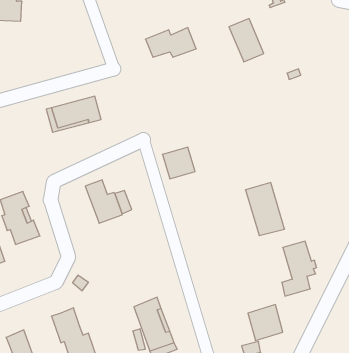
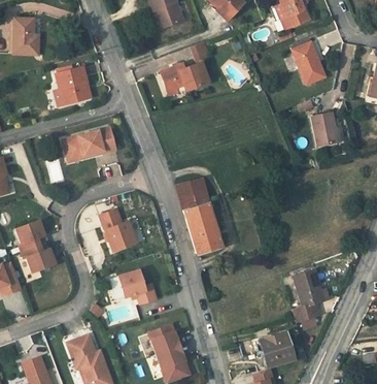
building: [229,19,264,62] -> [292,42,325,85]
building: none -> [56,67,91,106]
building: none -> [310,113,338,148]
building: [245,183,285,235] -> [183,201,221,253]
building: none -> [118,269,158,305]

